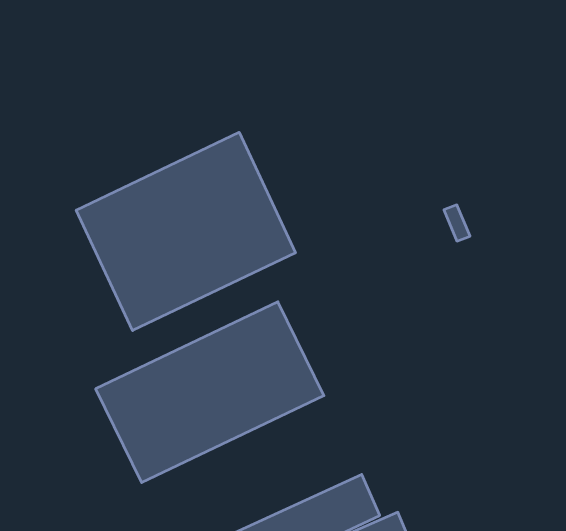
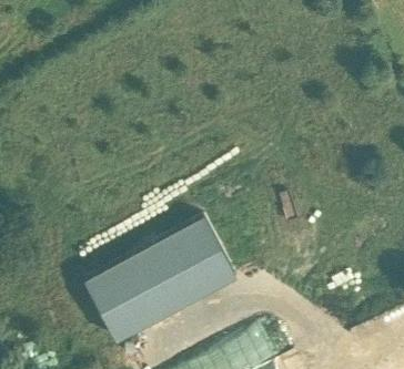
building: [76,132,295,331] -> none

